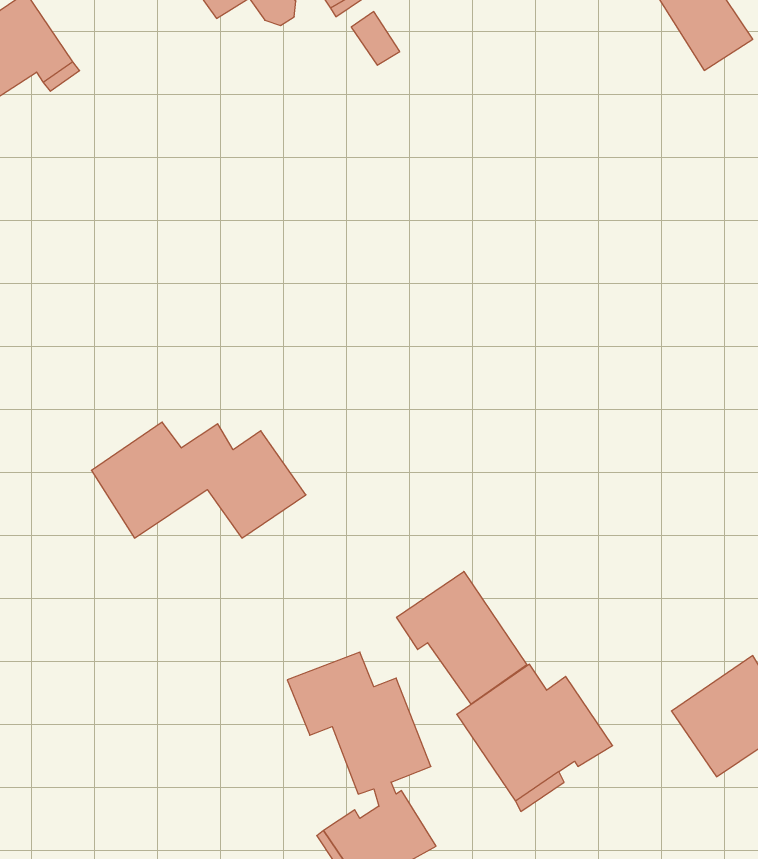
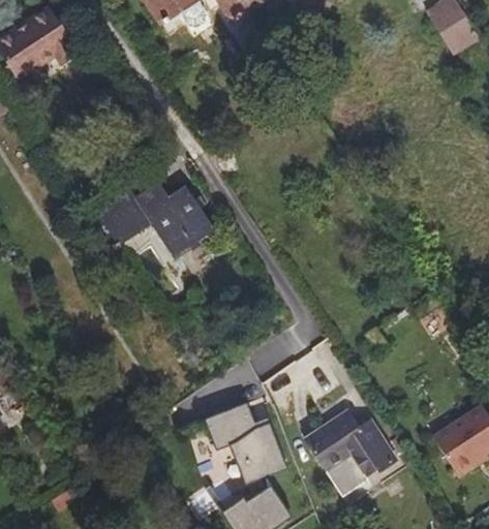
building: [91,422,306,538] -> [83,182,211,251]
building: [397,571,527,704] -> none

